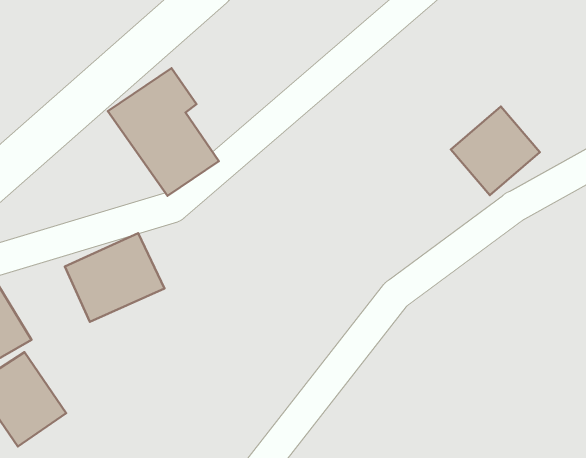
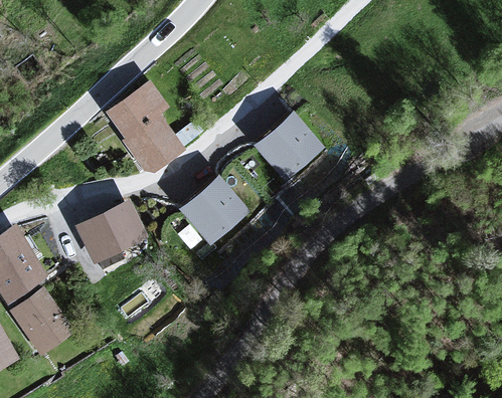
building: [451,107,540,195] -> [258,112,322,176]
building: none -> [182,176,244,237]

